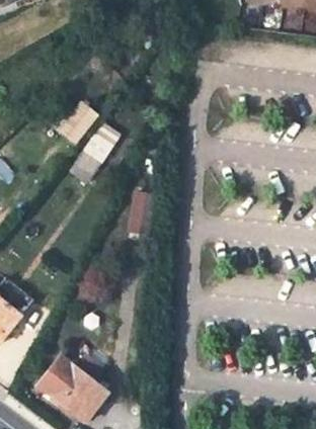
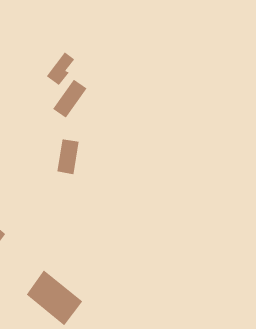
building: [131,197,157,239] -> [56,139,79,175]

